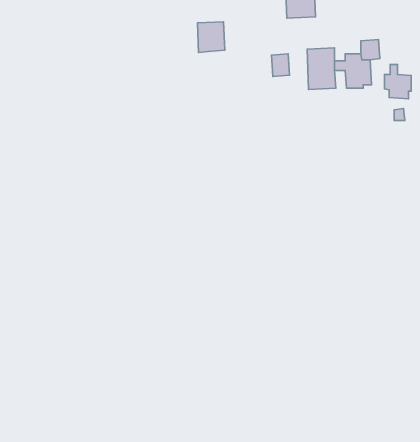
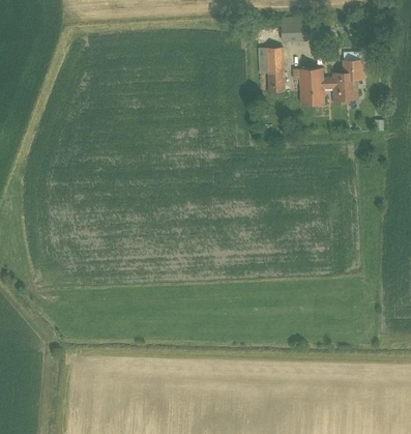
building: [197,22,225,53] -> [259,48,283,75]
building: [385,65,411,99] -> none

